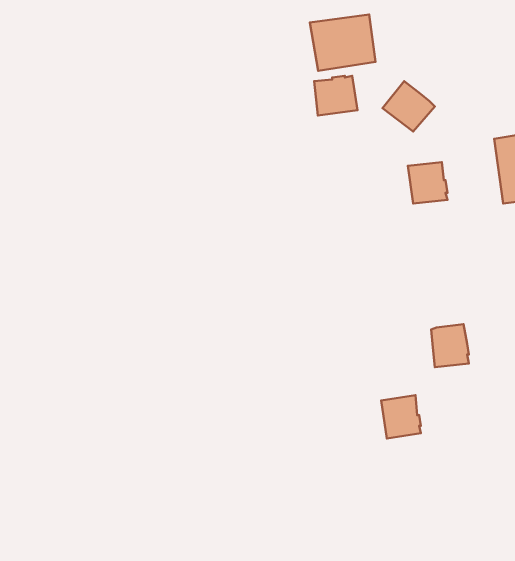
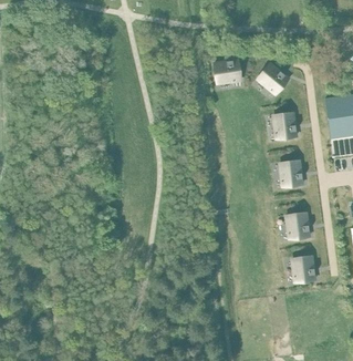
building: [310,15,375,71] -> none
building: none -> [279,161,303,187]
building: [381,395,421,438] -> [291,256,315,282]

